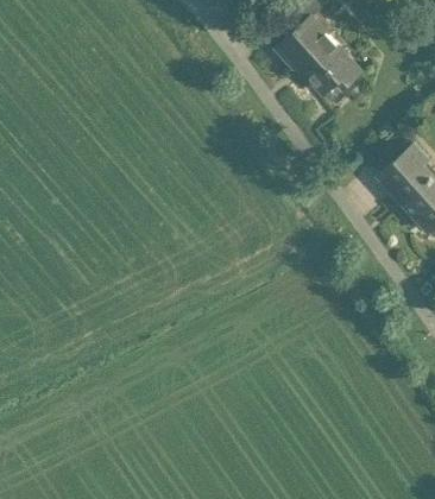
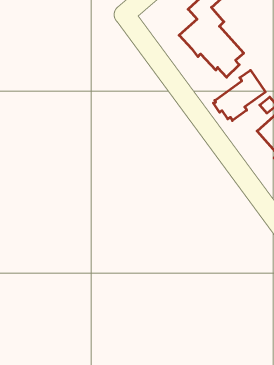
building: none -> [213,70,265,121]

